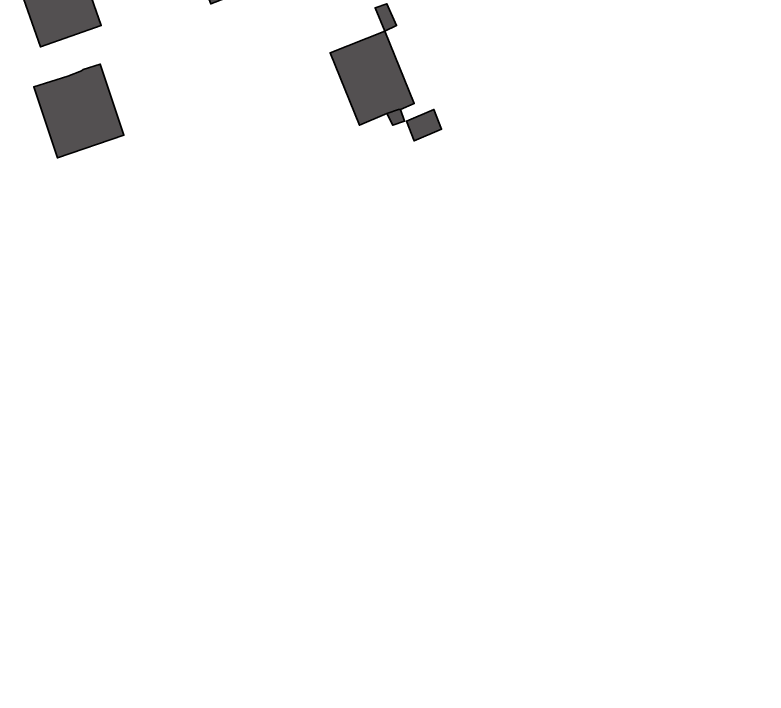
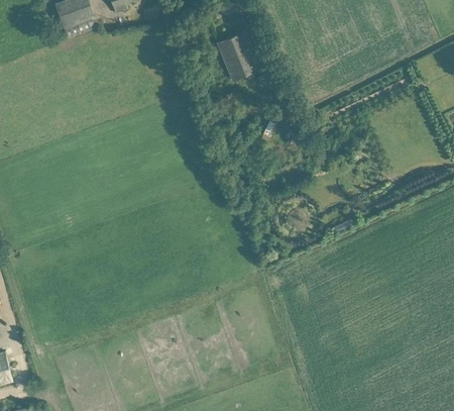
building: [34,64,124,158] -> none

